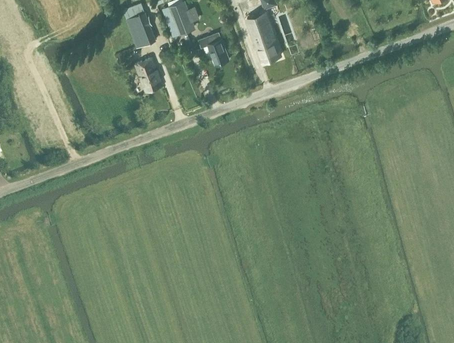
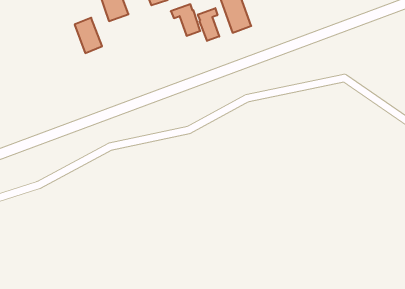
building: none -> [198,8,219,41]
building: [135,56,163,92] -> [75,18,102,53]

